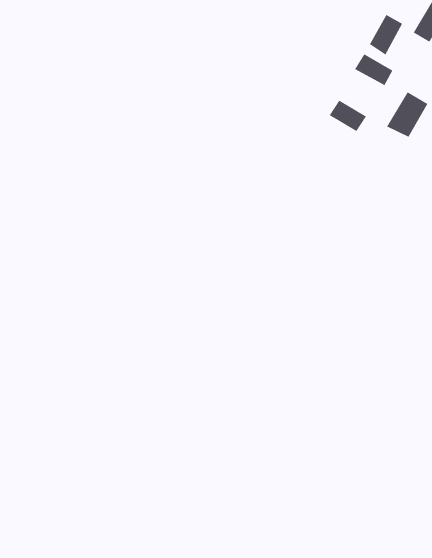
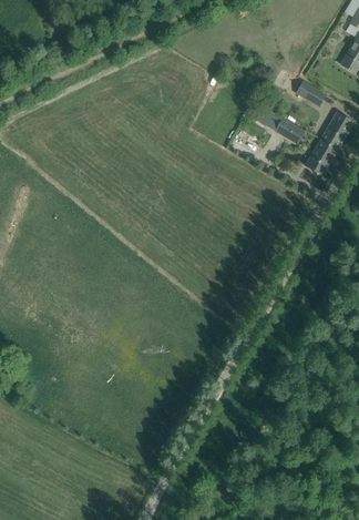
building: [369,14,403,55] -> none
building: none -> [306,139,339,175]

